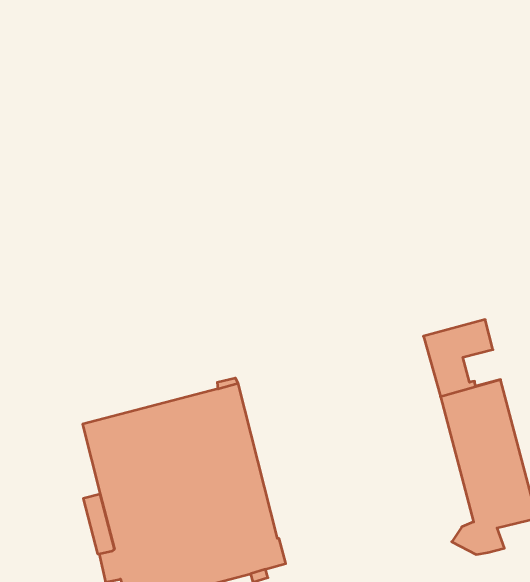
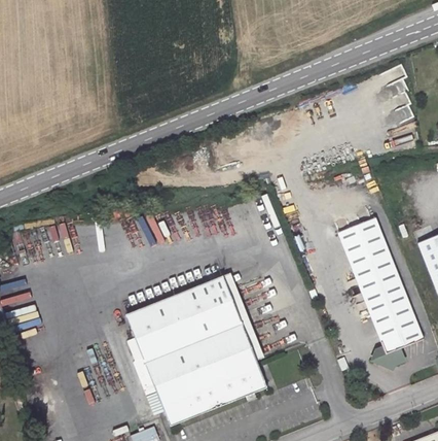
building: none -> [364,234,390,259]

